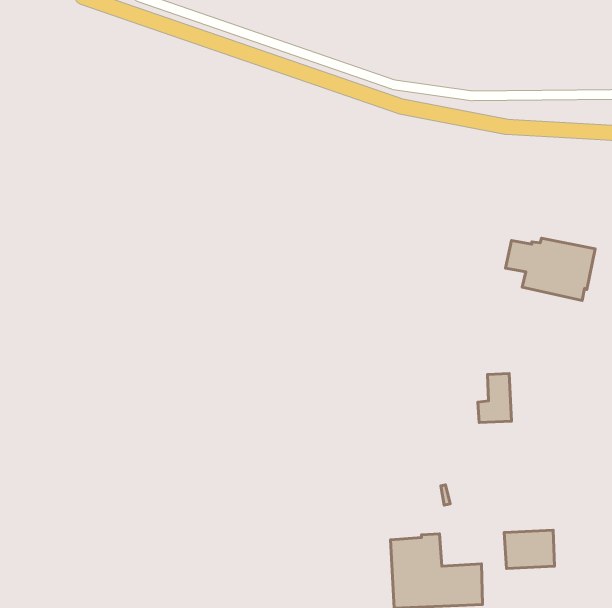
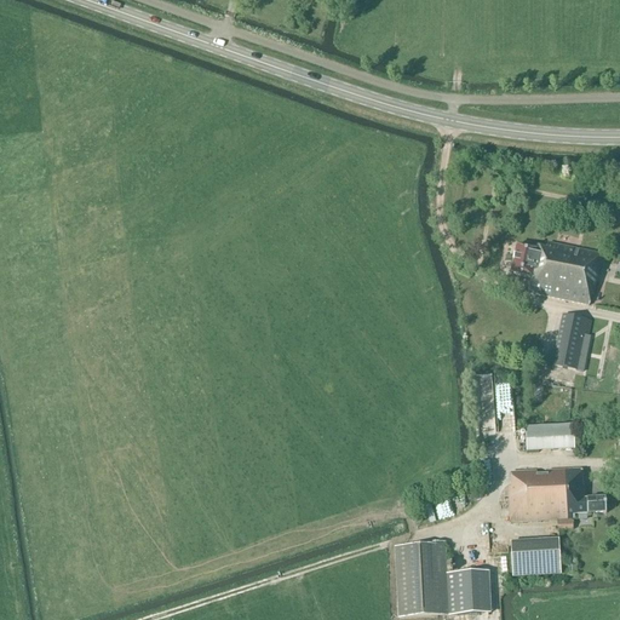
building: none -> [546,312,592,368]
building: none -> [524,423,575,450]
building: none -> [507,467,607,521]

